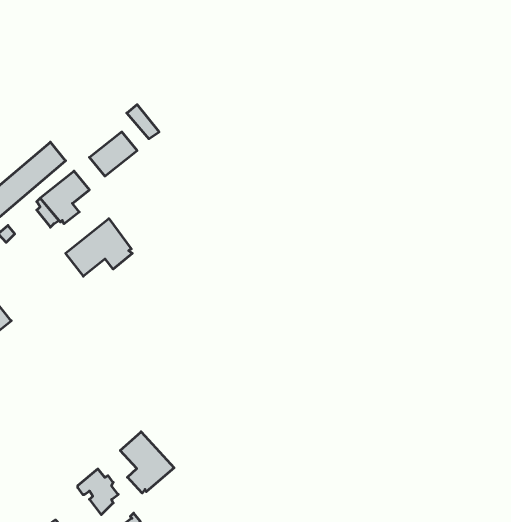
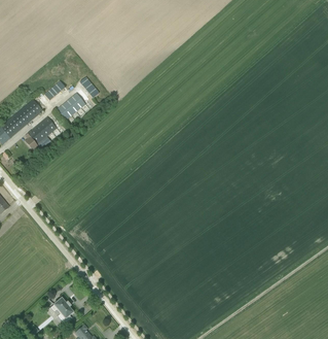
building: [66,219,132,276] -> none
building: [120,432,174,493] -> none

